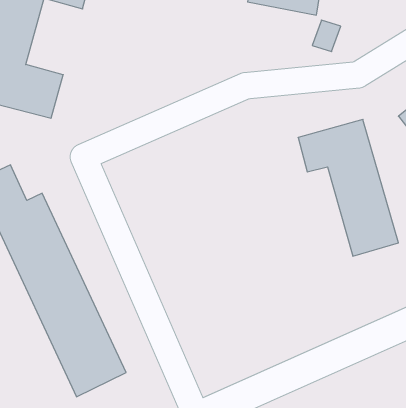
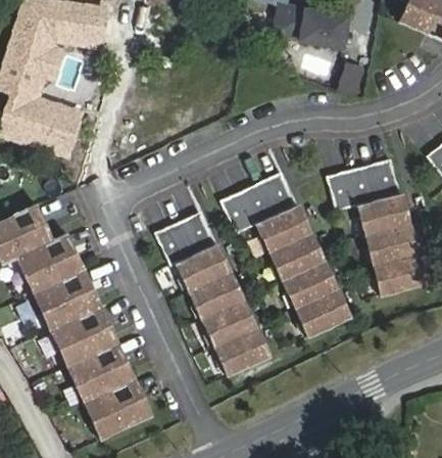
building: none -> [222,174,348,335]
building: none -> [156,213,269,375]

